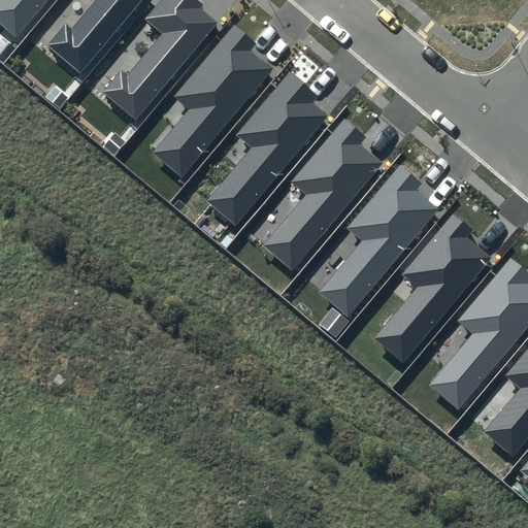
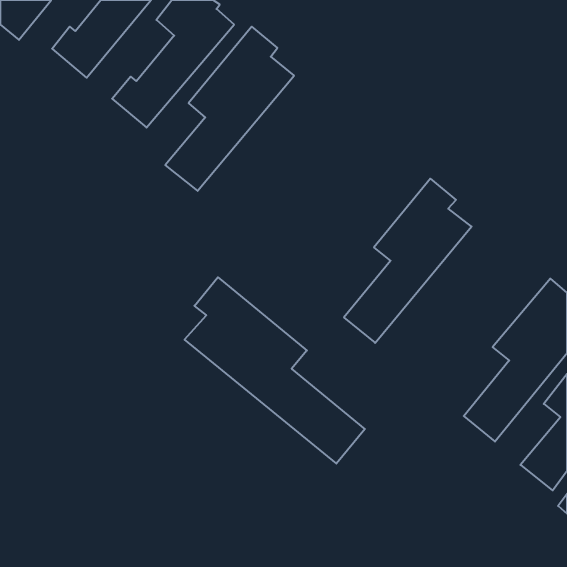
building: [208,72,326,224] -> none
building: [264,119,383,270] -> none
building: [372,212,491,364] -> none
building: none -> [185,277,365,464]

